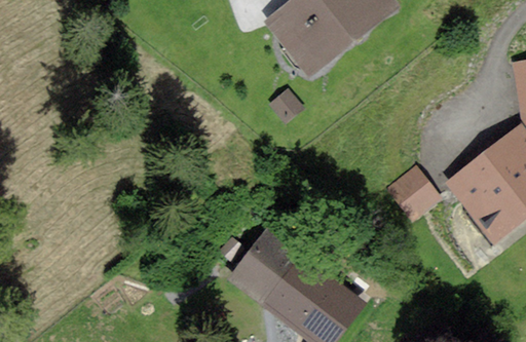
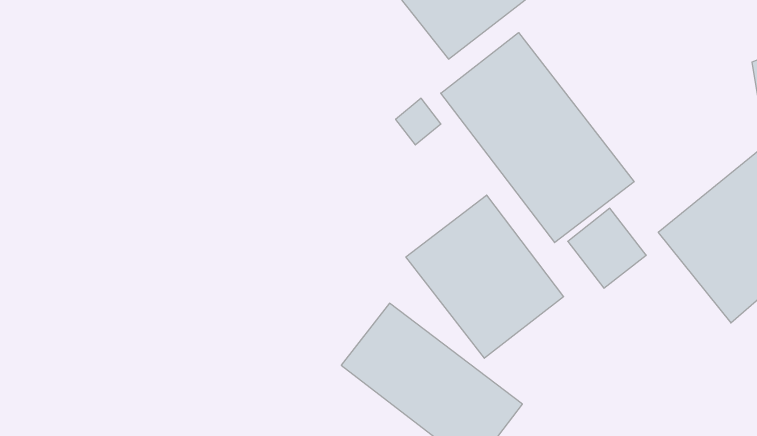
building: none -> [441,33,634,243]
building: none -> [406,195,564,358]

